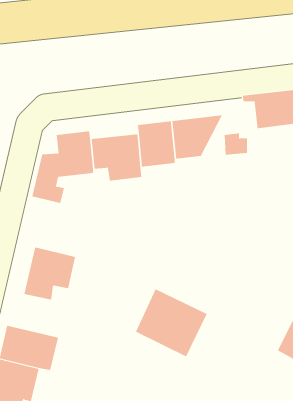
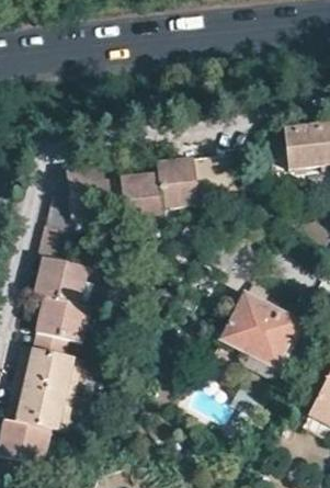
building: none -> [35,238,89,302]
building: [135,289,207,357] -> [220,291,299,365]
building: none -> [14,341,81,391]

